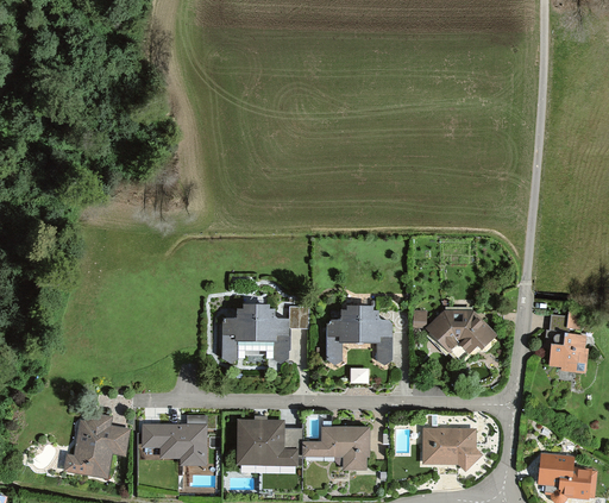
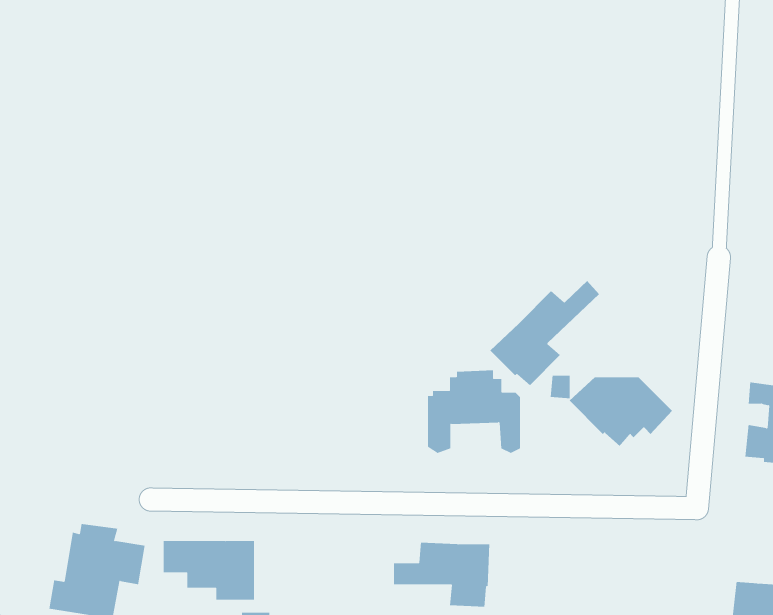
building: none -> [490,280,600,386]
building: [221,304,308,363] -> none
building: [237,421,302,465] -> none
building: [421,428,482,471] -> none

